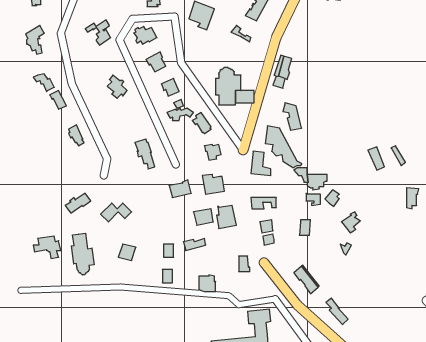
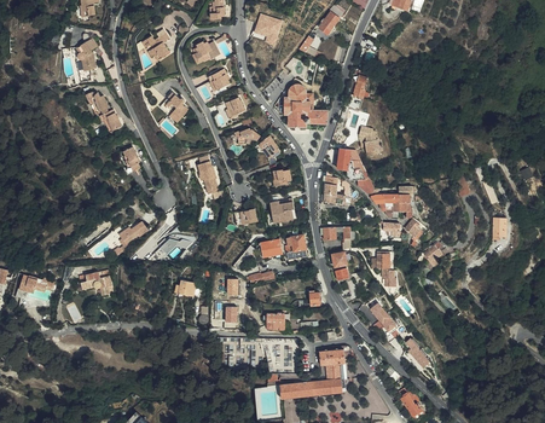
building: [71,233,94,275] -> none

